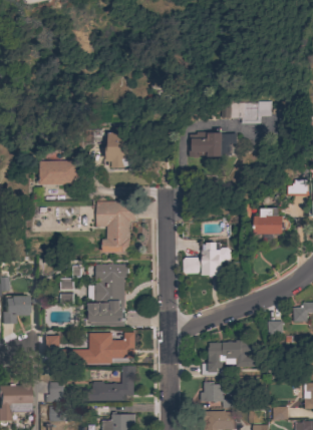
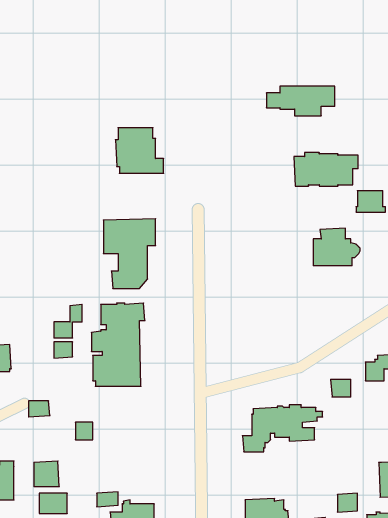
building: [189,131,237,156] -> [294,153,358,186]
building: [39,160,80,184] -> none
building: [184,243,231,277] -> none
building: [101,333,134,358] -> none
building: [83,366,135,401] -> none
building: [201,382,234,407] -> none

